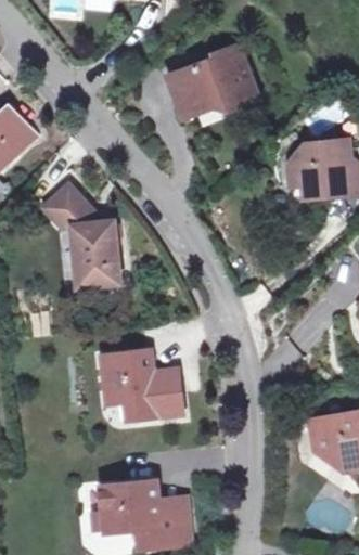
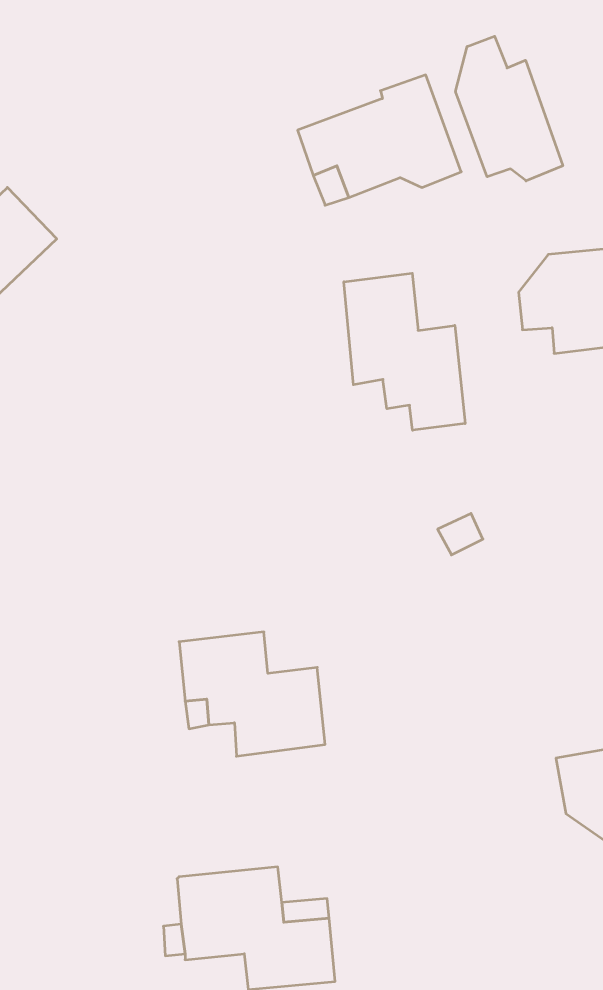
building: none -> [456,36,563,181]
building: none -> [344,273,465,430]
building: [44,185,119,287] -> none

